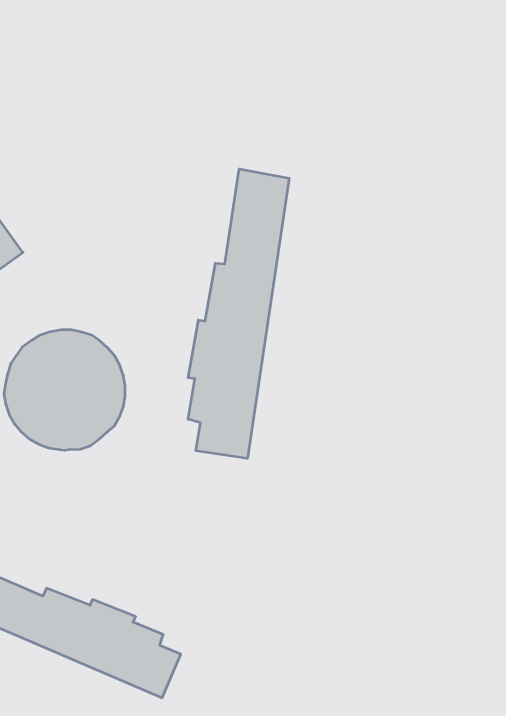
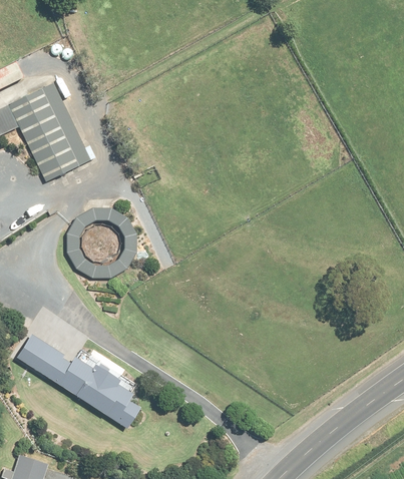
building: [188,169,289,458] -> none

